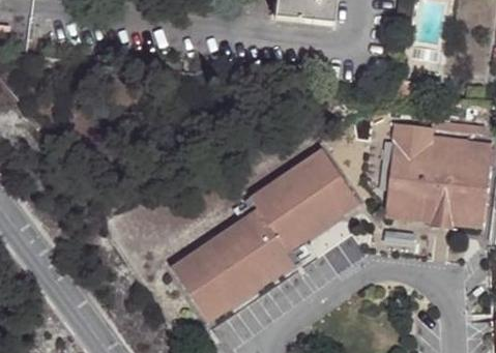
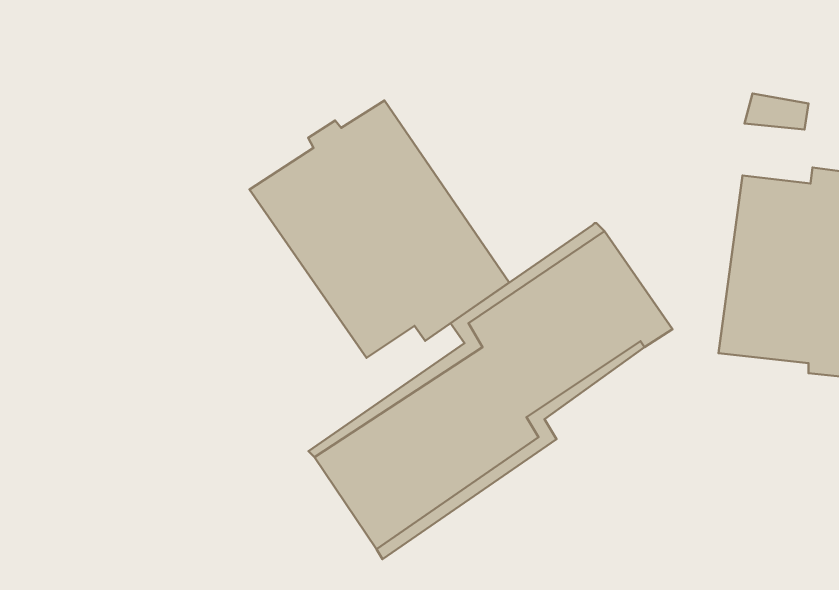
building: none -> [249,101,509,358]

